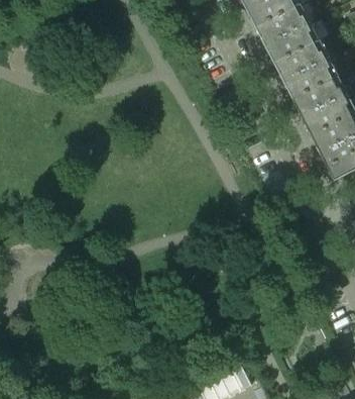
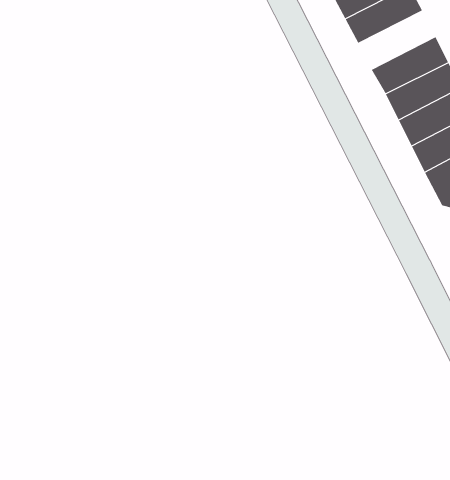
building: [274,39,329,81] -> none

